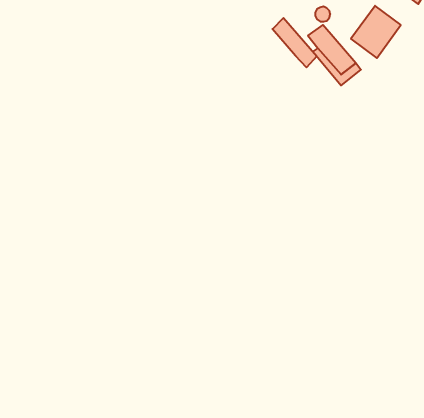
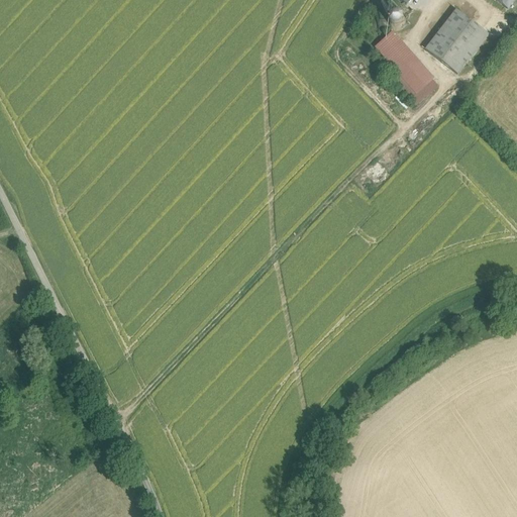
building: [272,18,317,67] -> none

